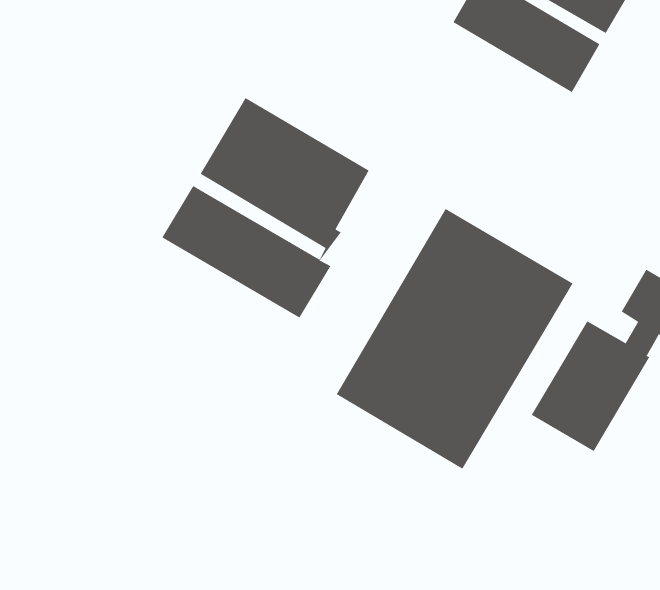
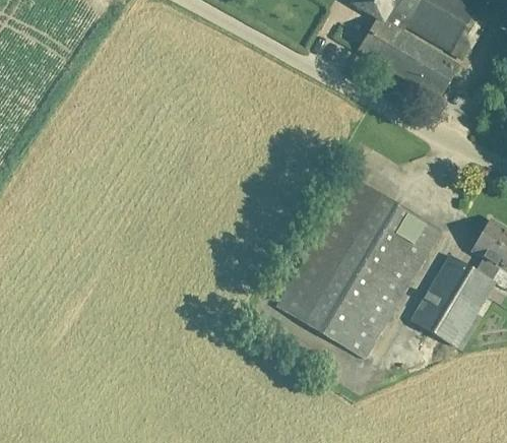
building: [162,97,370,318] -> none

